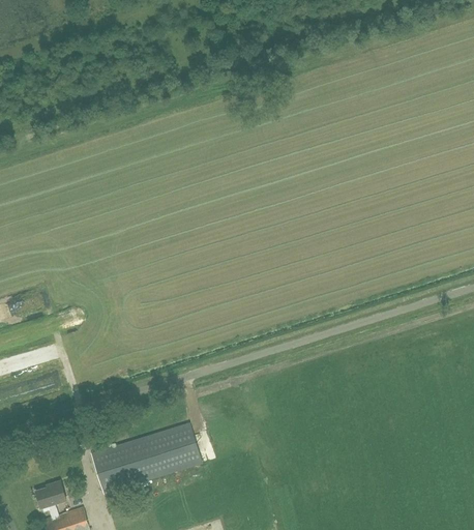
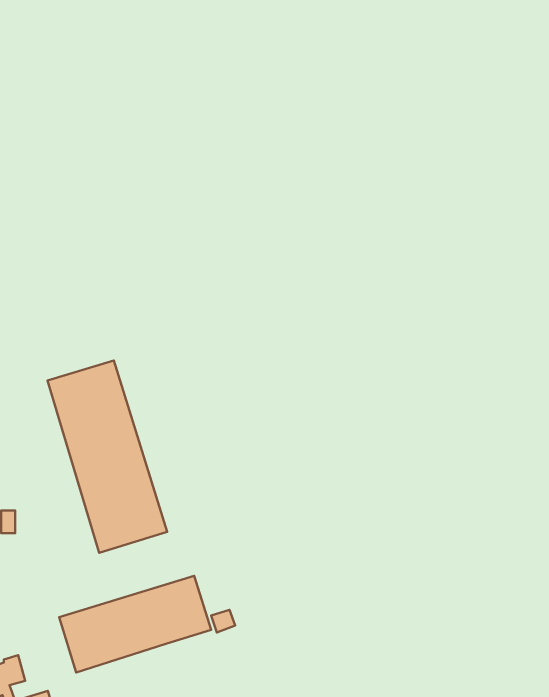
building: none -> [47,361,167,553]

